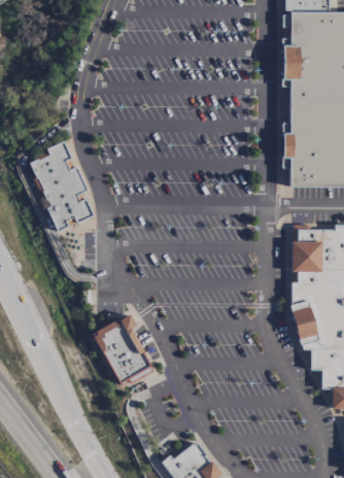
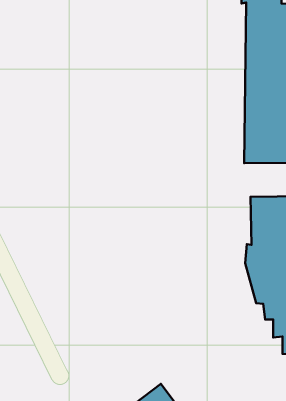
building: [30,144,93,234] -> none
building: [92,315,154,387] -> none

